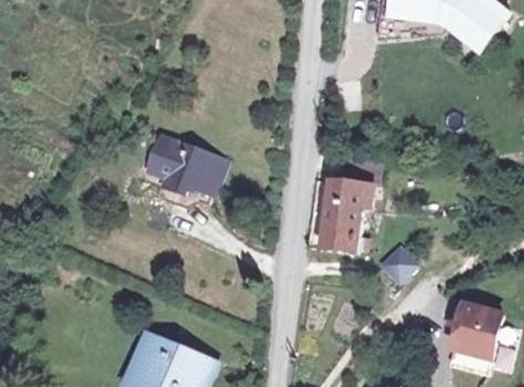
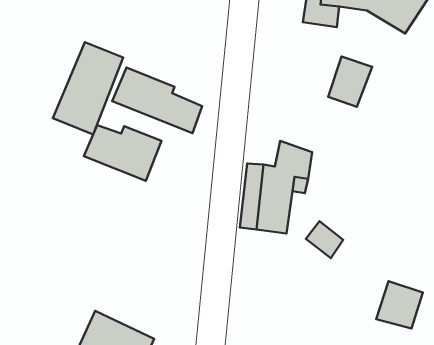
building: none -> [53,42,123,134]
building: none -> [328,57,372,107]
building: none -> [112,67,202,133]

